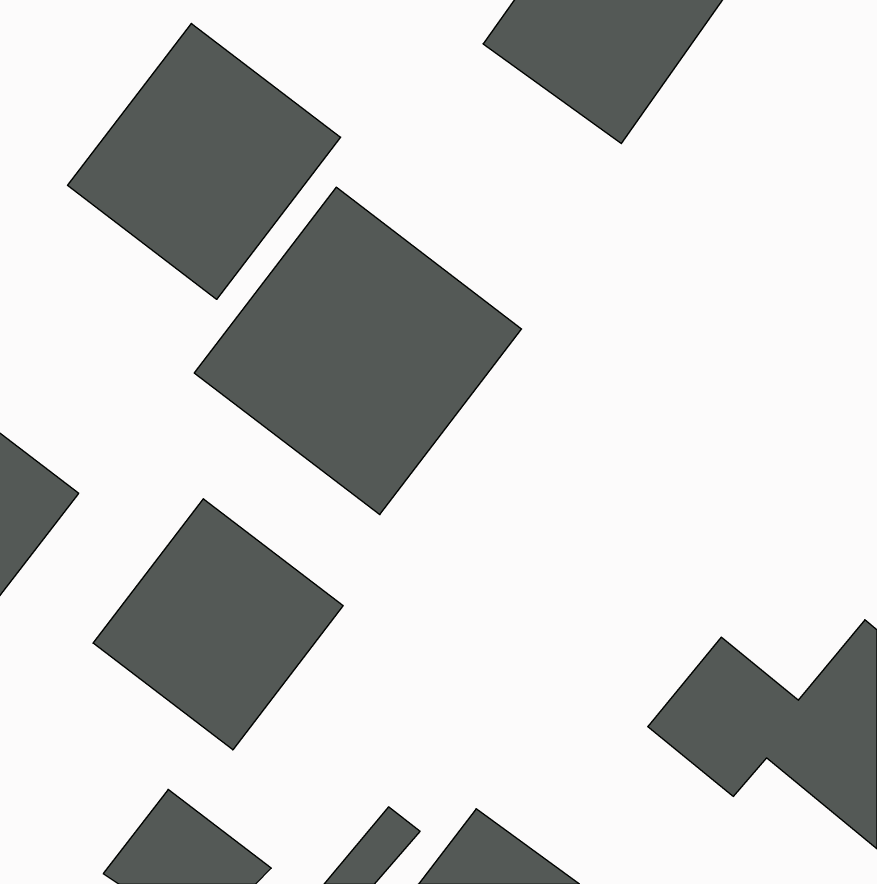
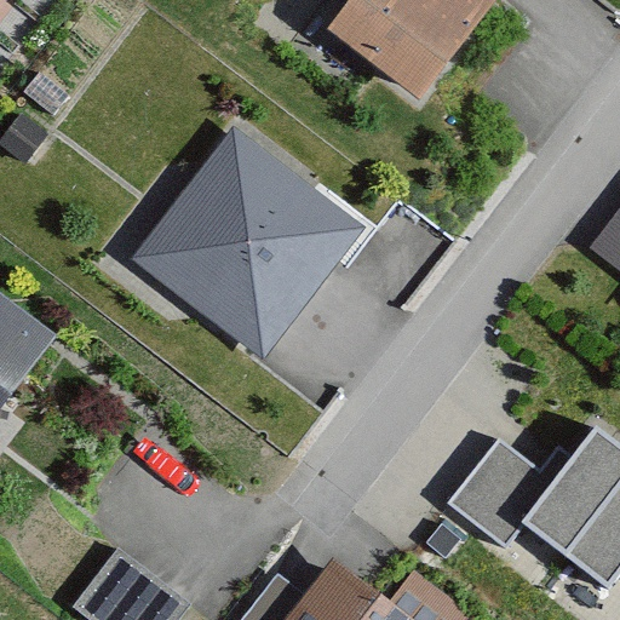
building: [68,23,341,299] -> none
building: [93,499,343,750] -> none

